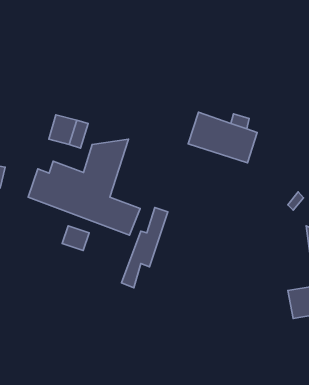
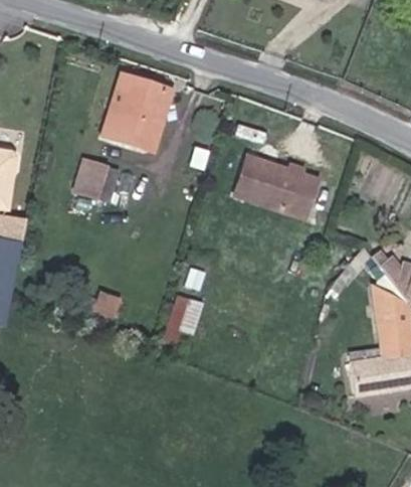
building: none -> [104,74,172,147]
building: [28,139,140,235] -> none

